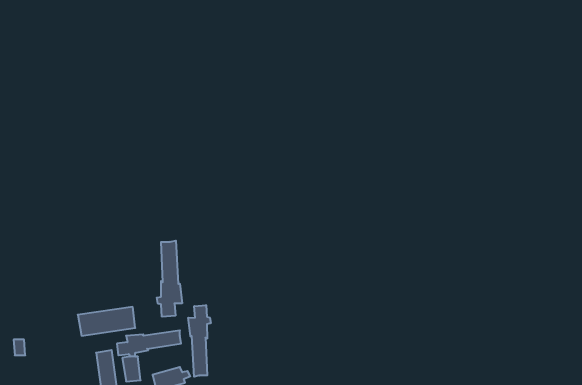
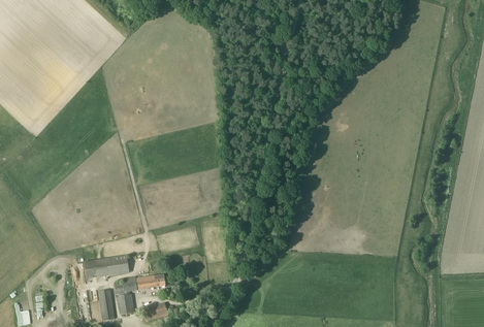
building: [157,241,182,317] -> none
building: [188,305,211,377] -> none

